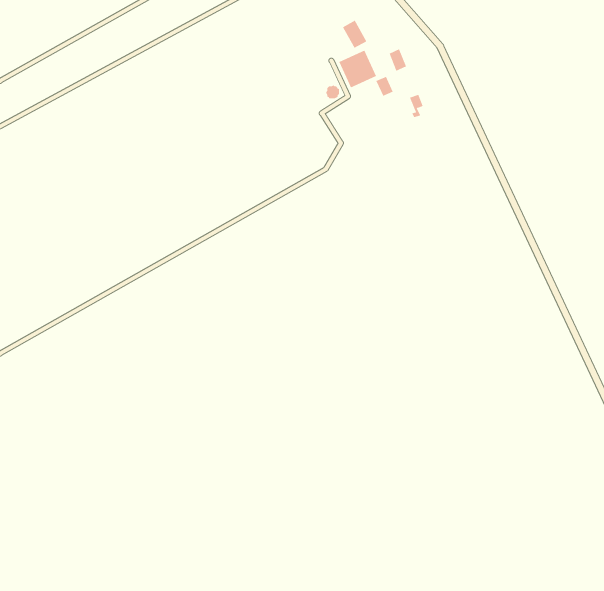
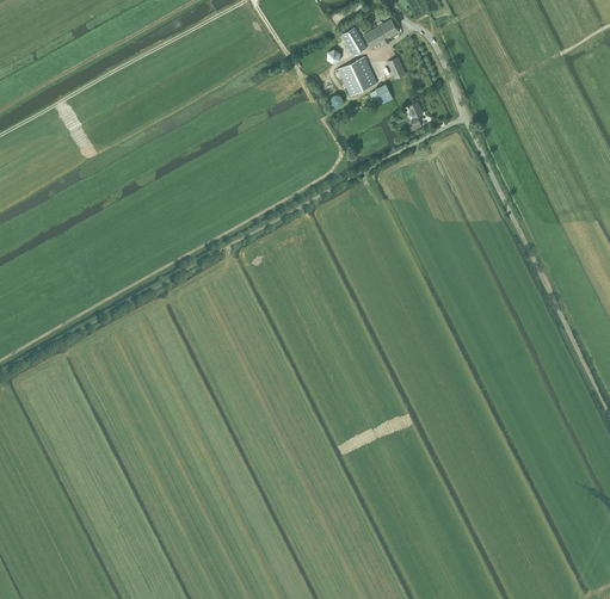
building: none -> [364,16,399,48]

